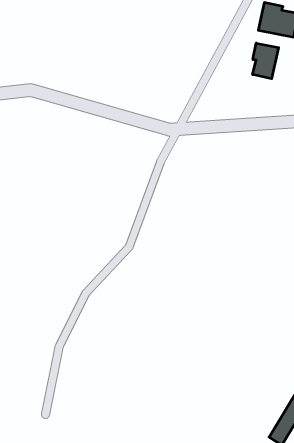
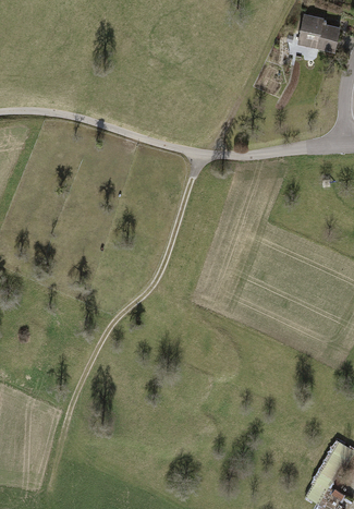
building: [253,43,279,79] -> none

